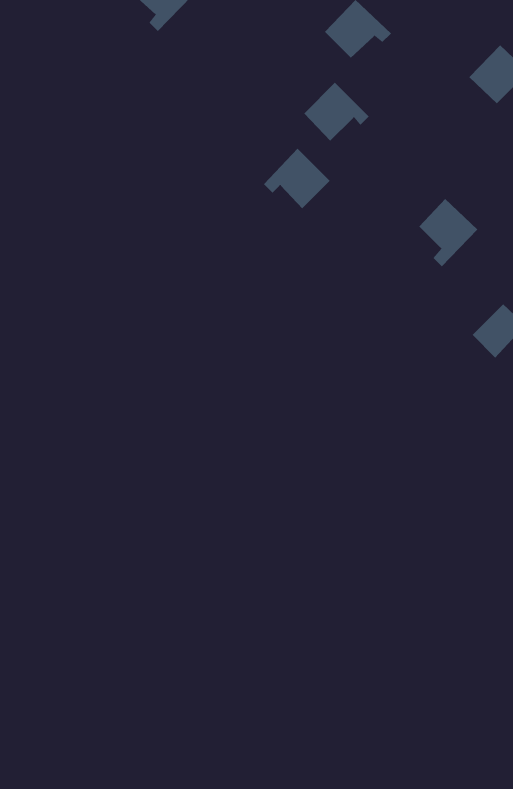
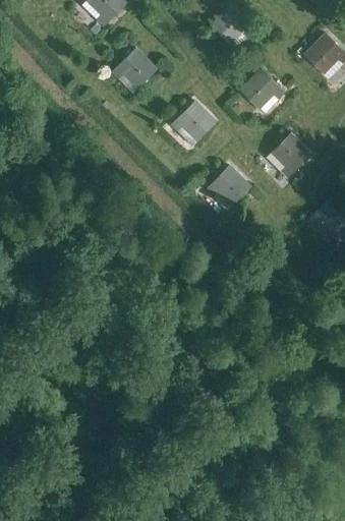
building: none -> [113,48,157,88]
building: [304,82,370,142] -> [241,69,284,108]
building: none -> [207,166,250,205]

